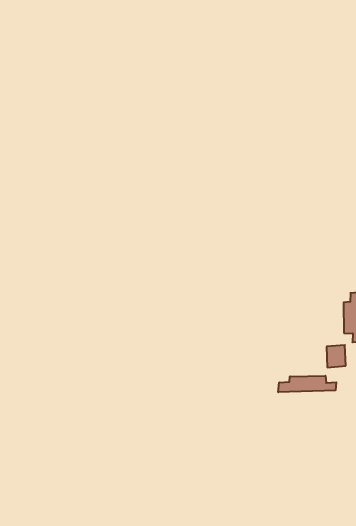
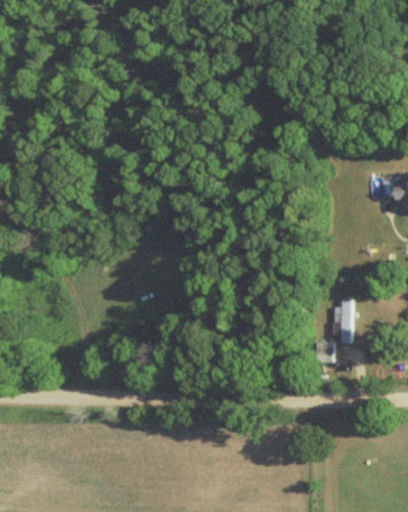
building: [278,376,336,392] -> none

